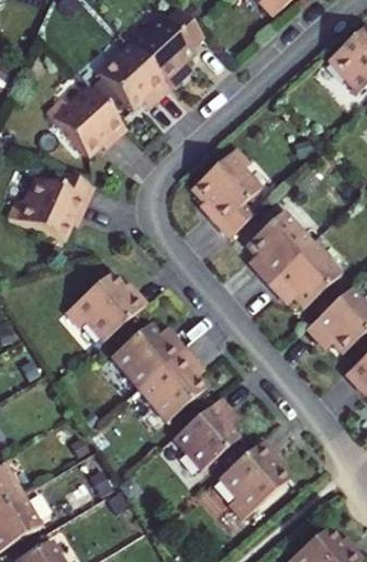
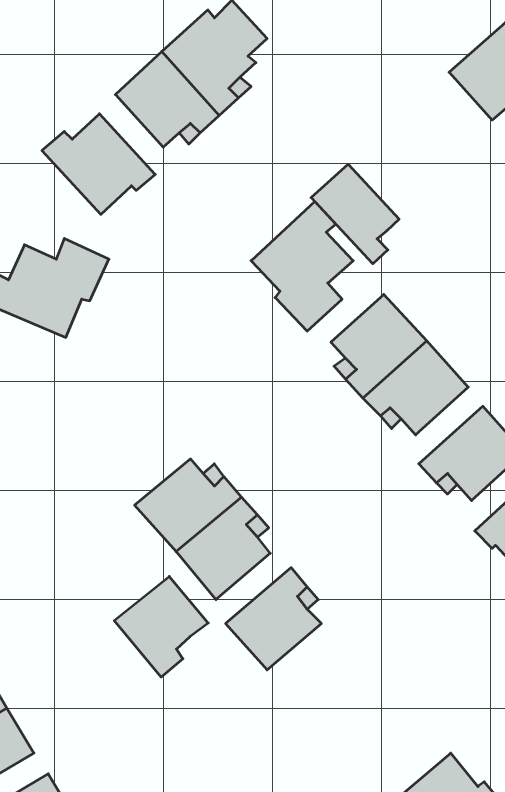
building: none -> [311,164,399,264]
building: [66,271,146,340] -> none
building: none -> [114,576,208,677]
building: [219,440,289,518] -> none

